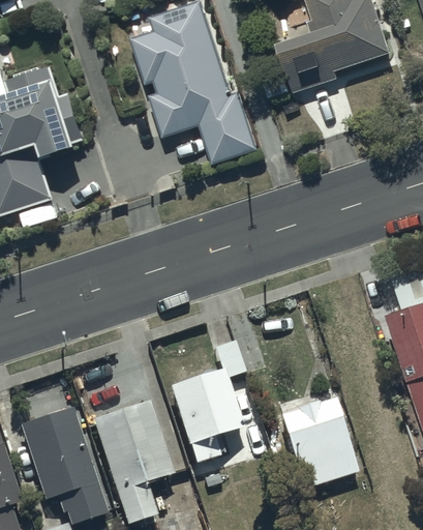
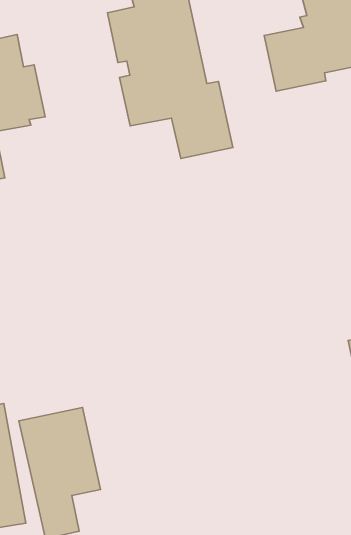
building: [169,336,255,461] -> none
building: [277,398,358,483] -> none

